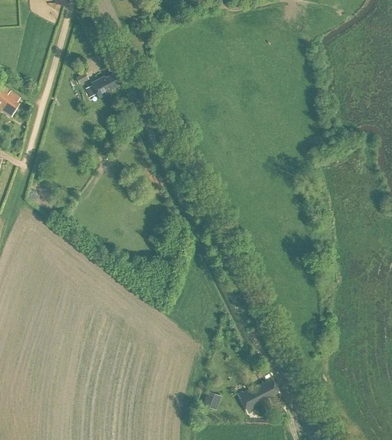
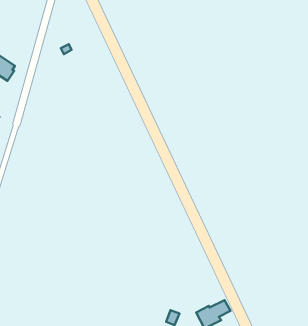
building: [86,74,120,98] -> none

